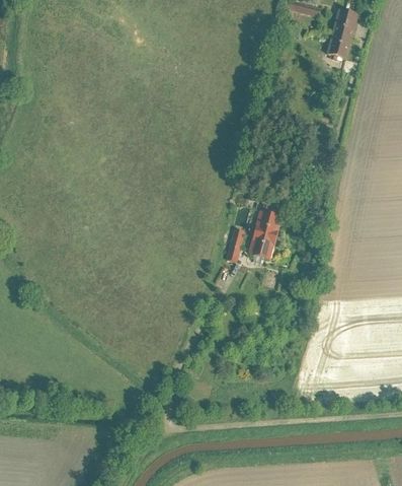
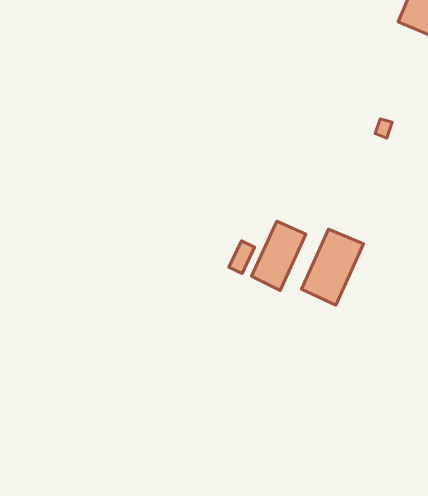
building: none -> [302,229,364,305]

